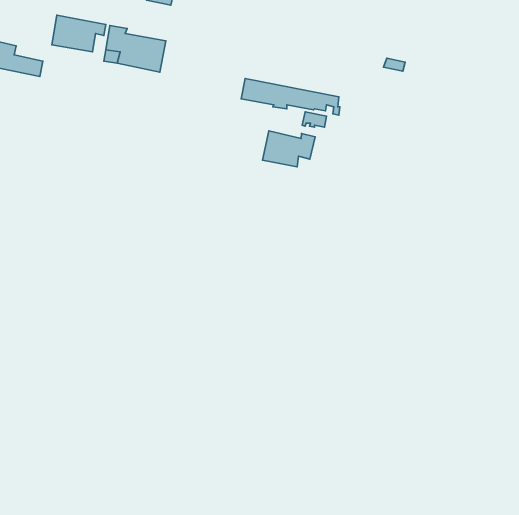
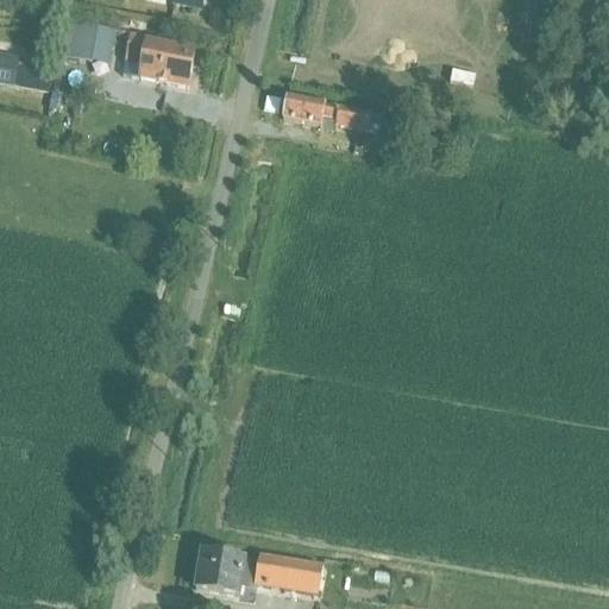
building: [262,131,315,167] -> none
building: none -> [195,550,322,594]

